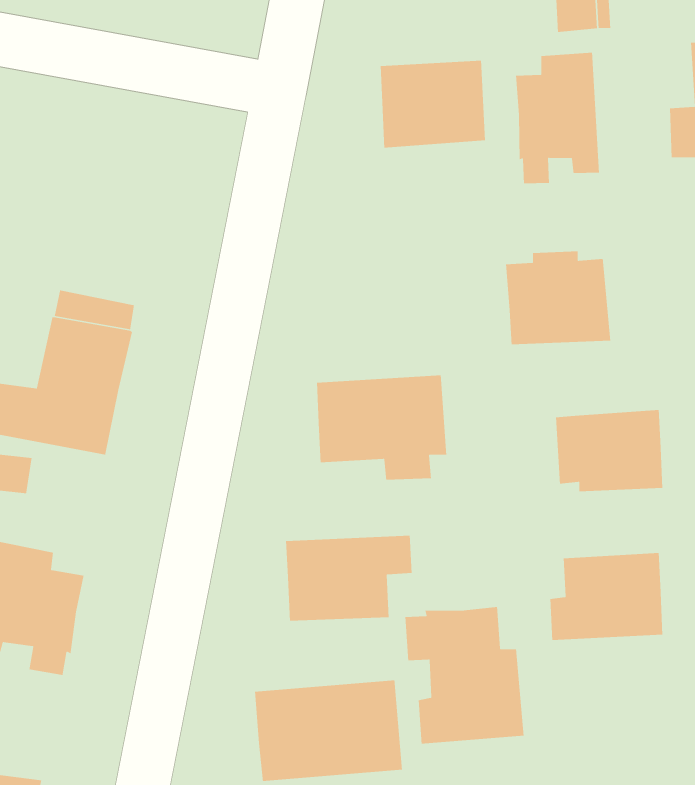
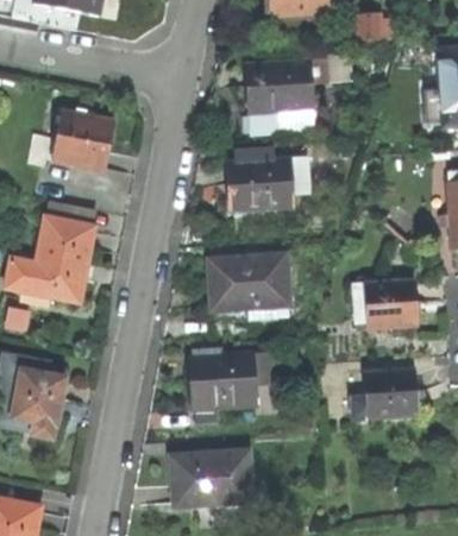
building: [515,52,600,184] -> none
building: none -> [42,113,115,172]
building: [505,250,611,345] -> [227,153,293,212]
building: [405,606,525,745] -> none

